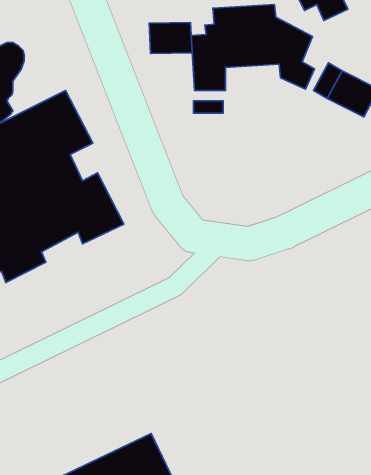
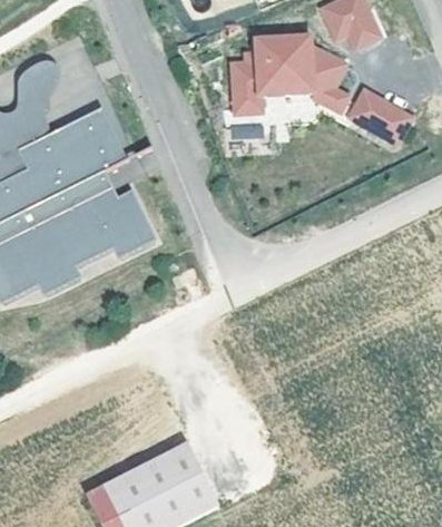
building: [149,22,192,53] -> none

